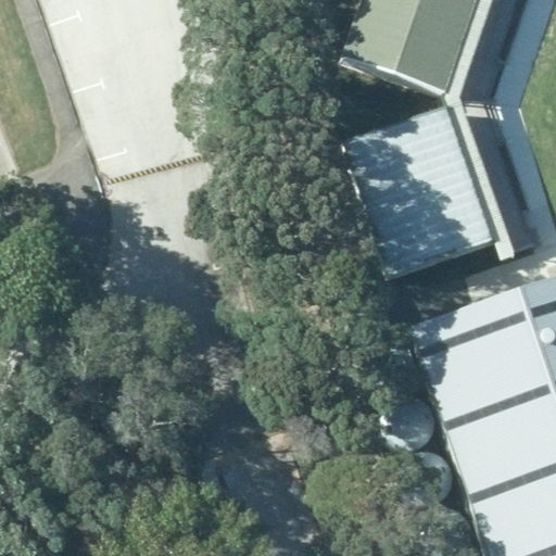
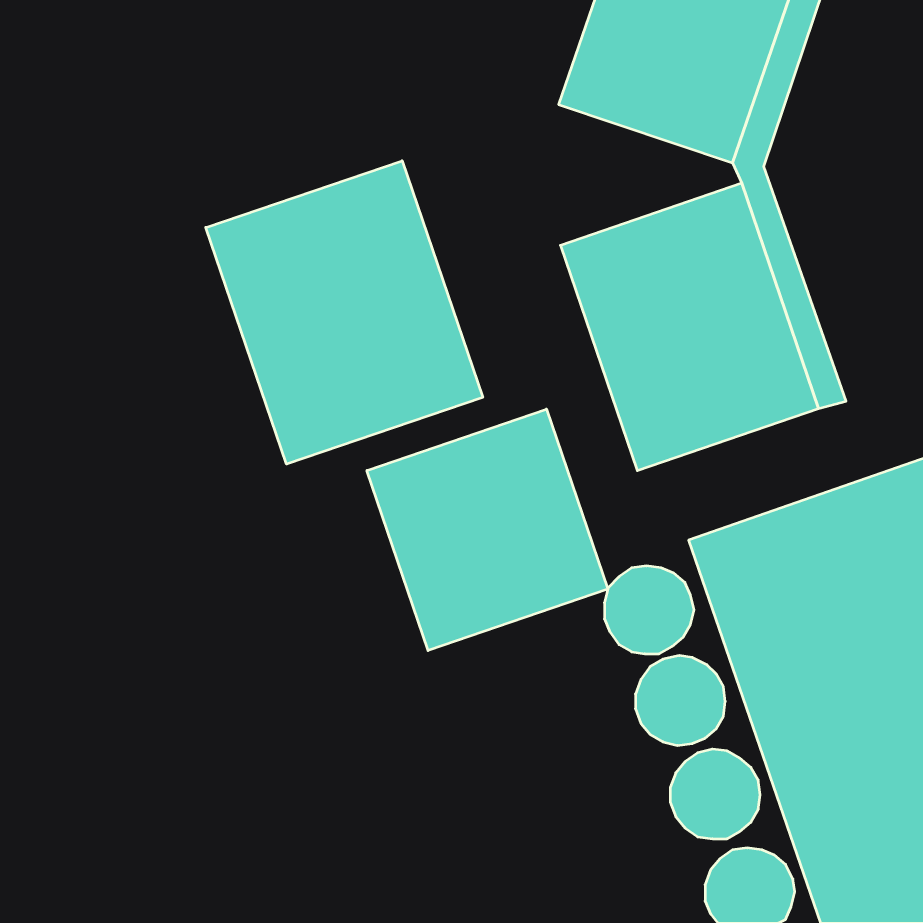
building: none -> [206,161,483,464]
building: none -> [367,409,608,651]

